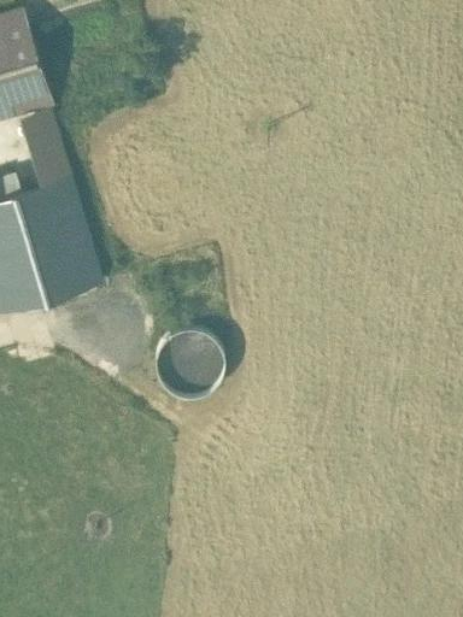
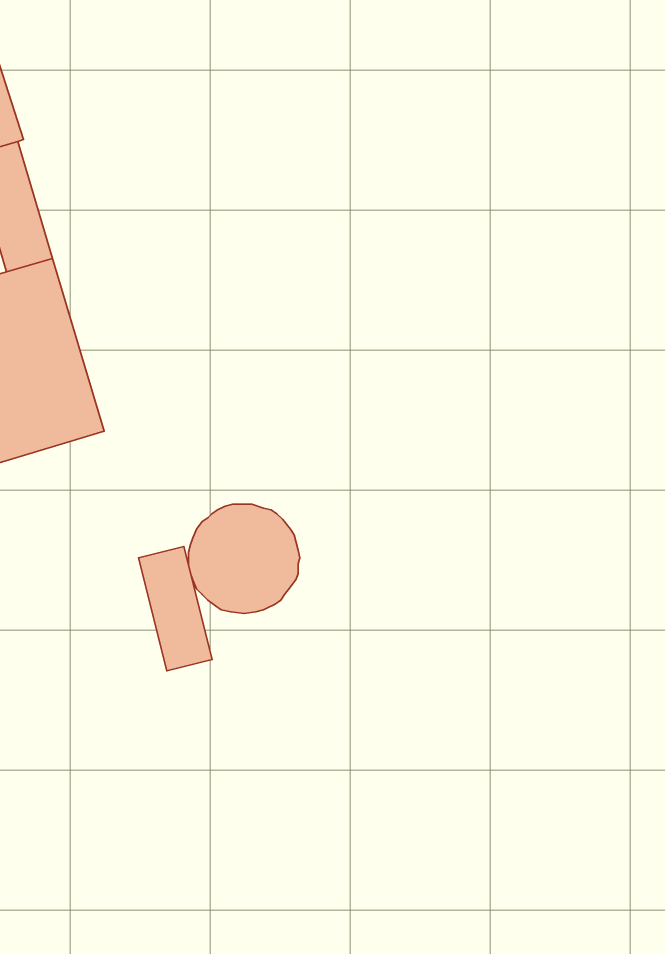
building: none -> [139,547,212,671]

